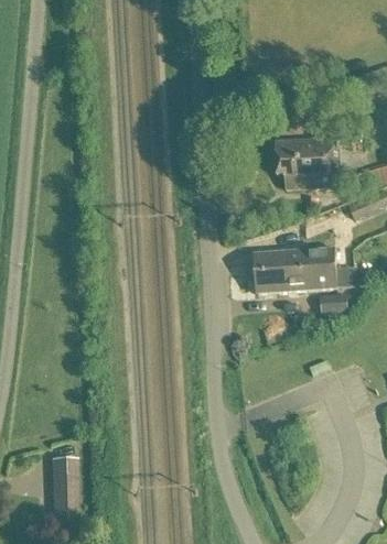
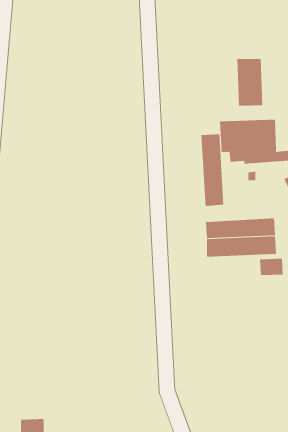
building: none -> [237,58,263,107]
building: none -> [201,134,224,207]

